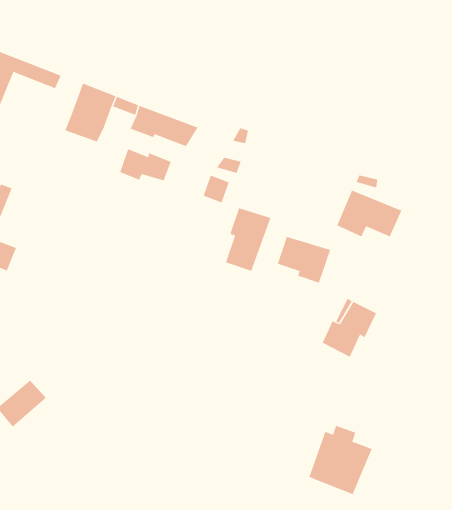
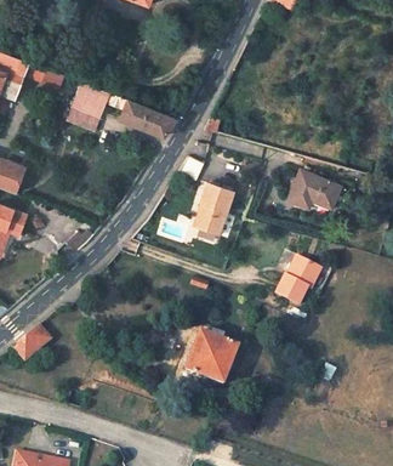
building: [120,149,171,181] -> none
building: [277,236,331,283] -> none
building: [309,425,373,495] -> [186,326,238,383]

